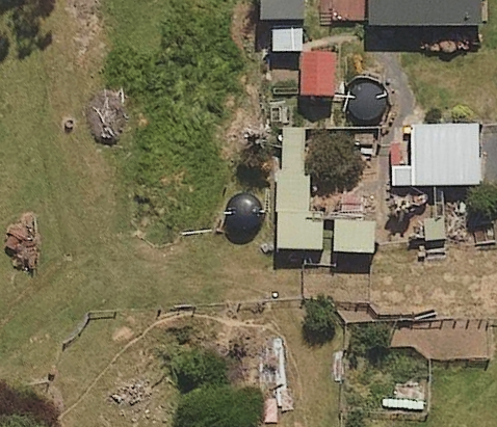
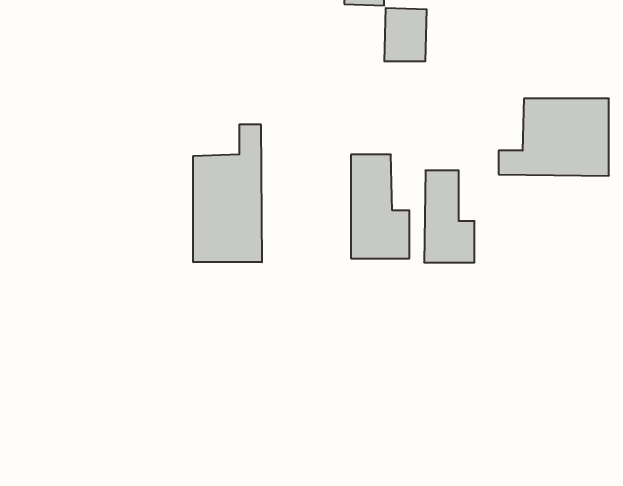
building: none -> [193,124,262,262]

